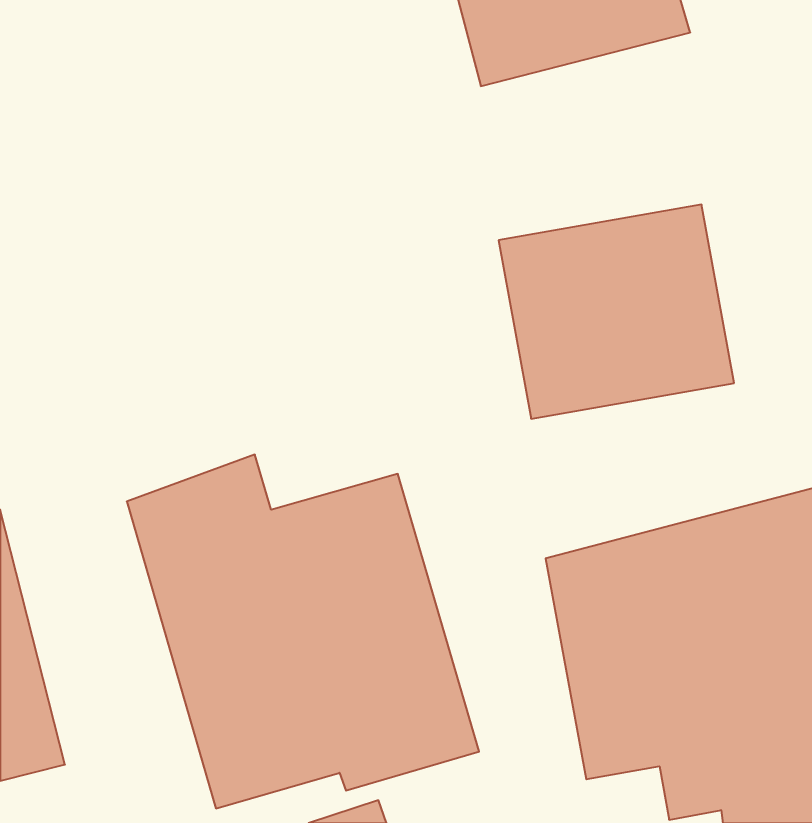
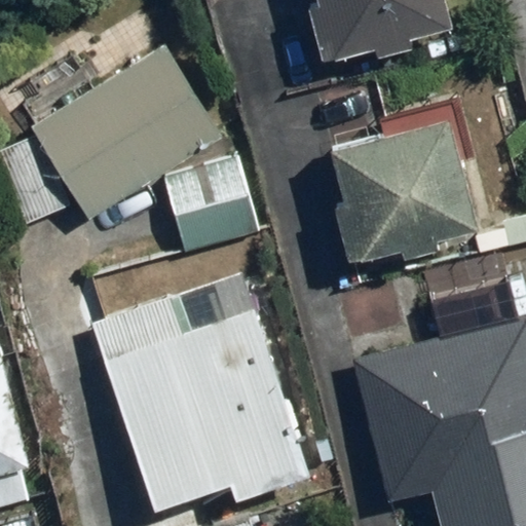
building: none -> [33,48,217,219]
building: none -> [160,153,268,255]

